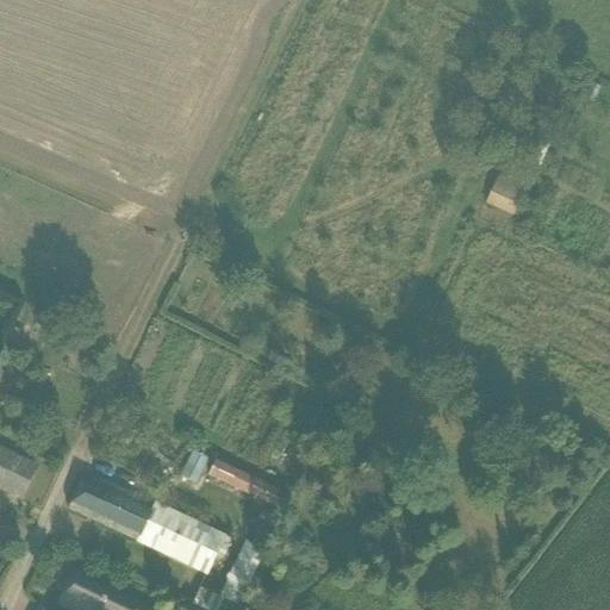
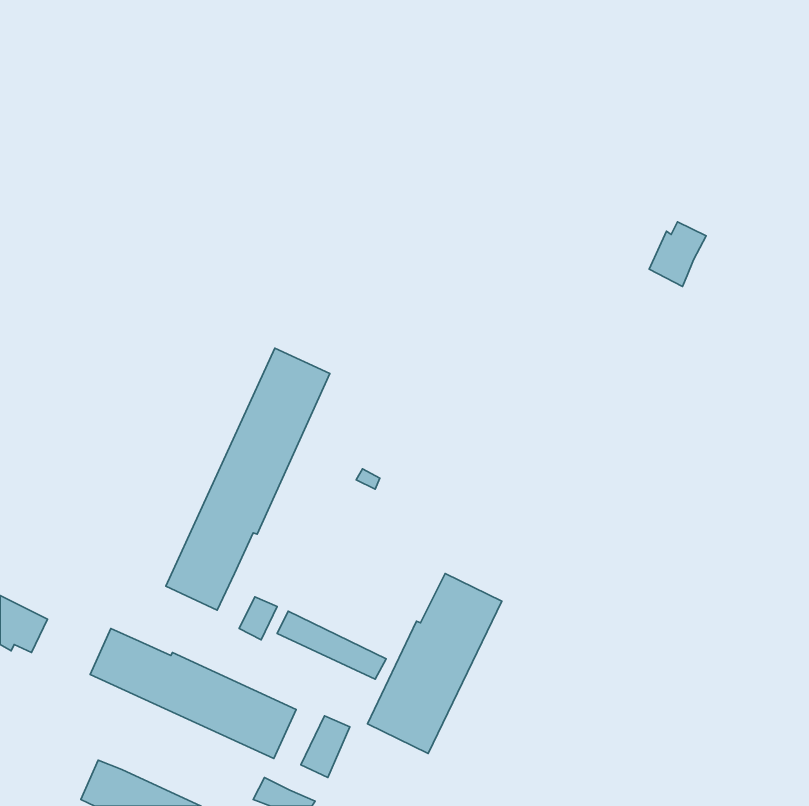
building: none -> [166,348,330,610]
building: none -> [368,573,502,753]

